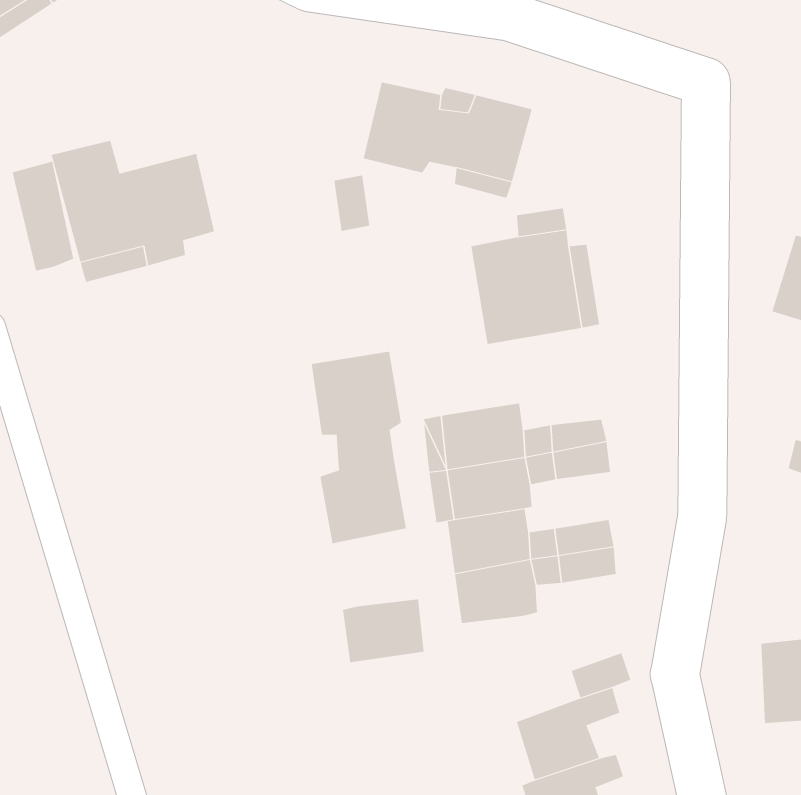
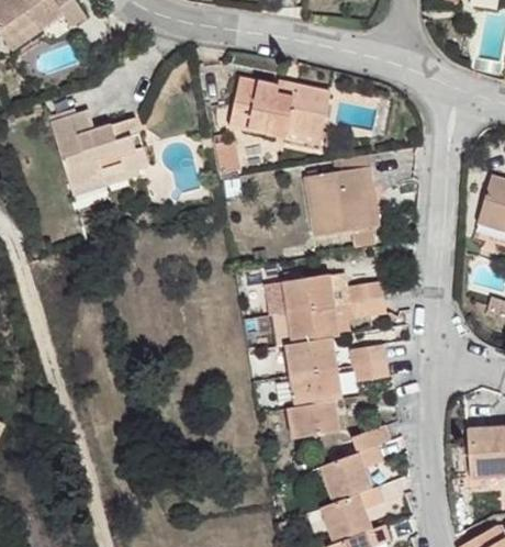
building: [12,161,74,271] -> none
building: [311,351,407,544] -> none
building: [342,599,424,663] -> [283,401,333,439]

